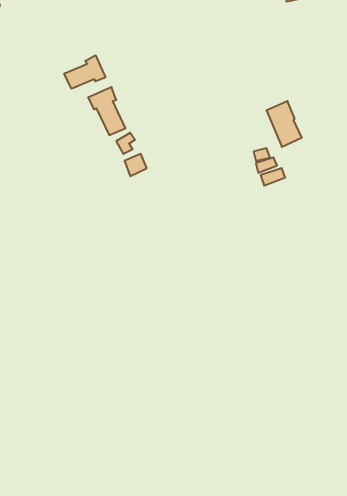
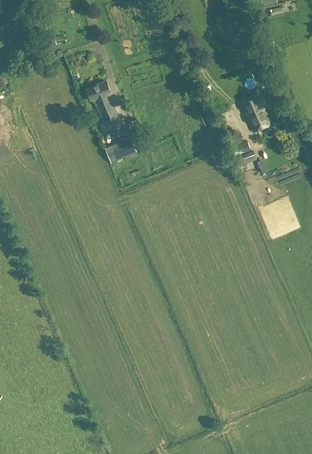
building: [64,55,105,89] -> none

